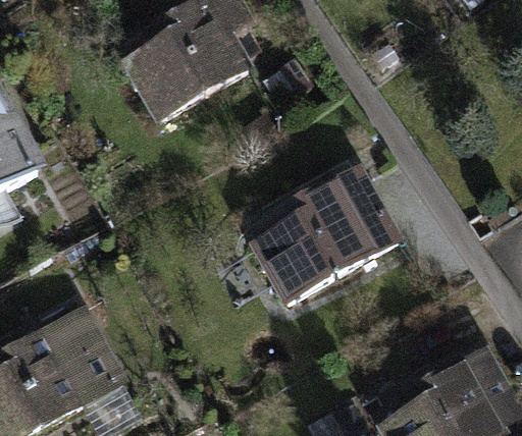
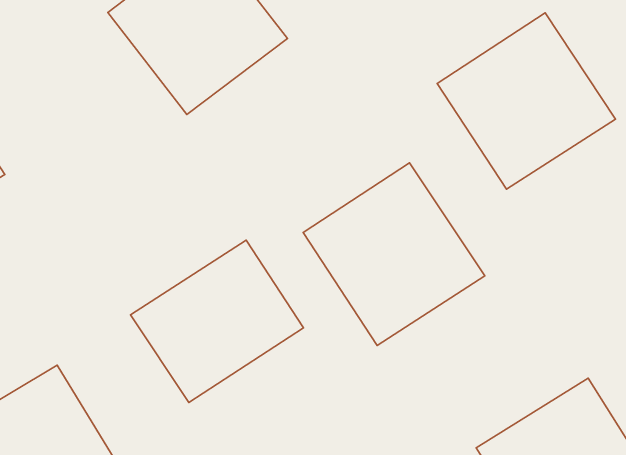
building: none -> [437,13,616,189]
building: none -> [131,240,303,403]

